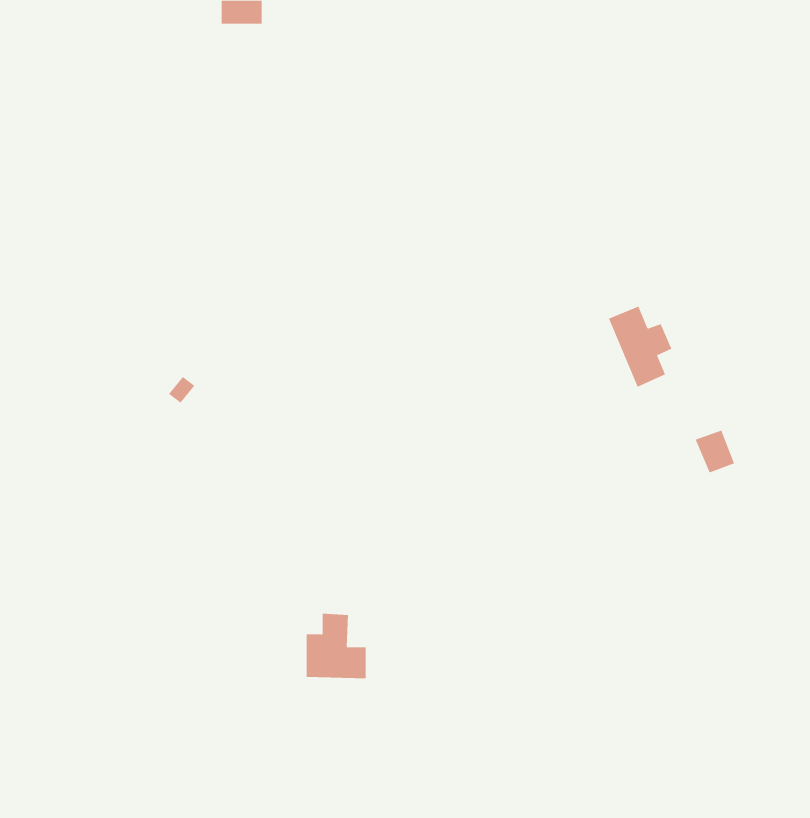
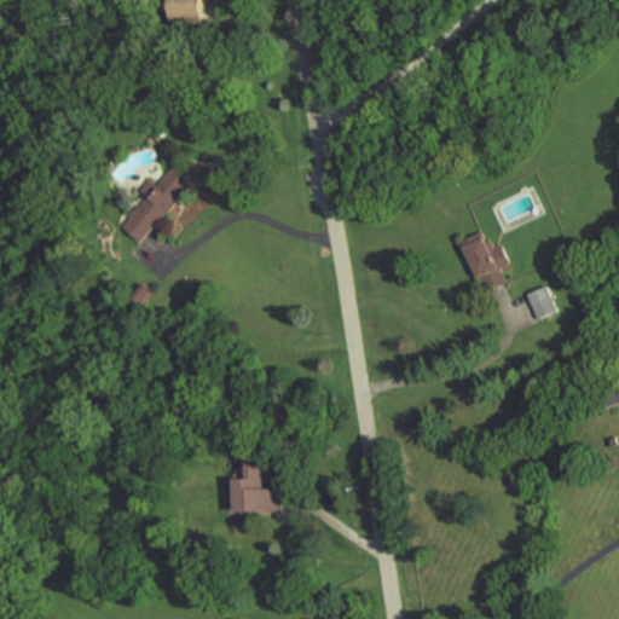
building: none -> [118,168,184,243]
building: [695,430,735,473] -> [525,287,555,319]

